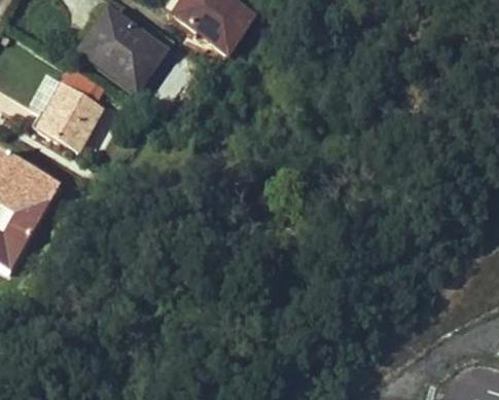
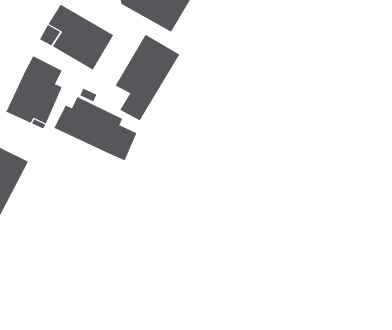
building: none -> [115,34,180,121]
building: none -> [54,96,137,161]

